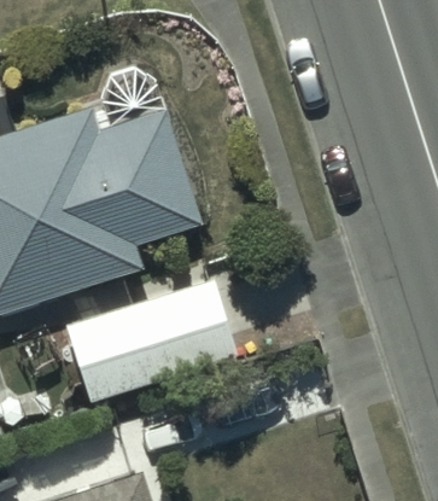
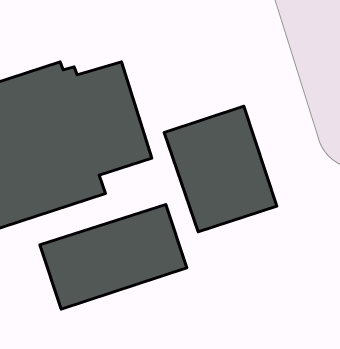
building: none -> [164,106,277,232]

